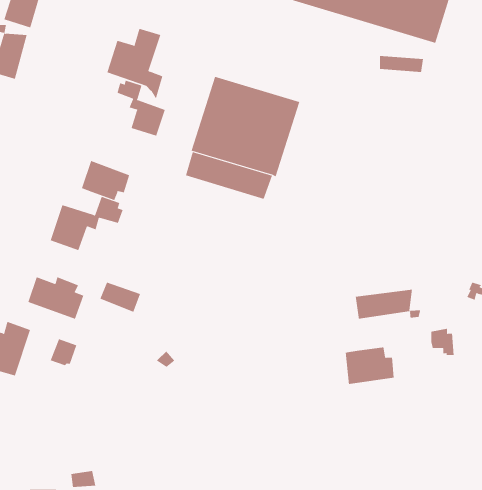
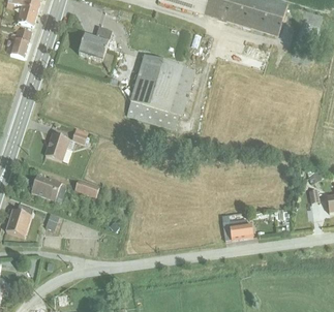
building: [117,80,166,137] -> none
building: [81,160,130,201] -> none
building: [355,289,421,320] -> none

